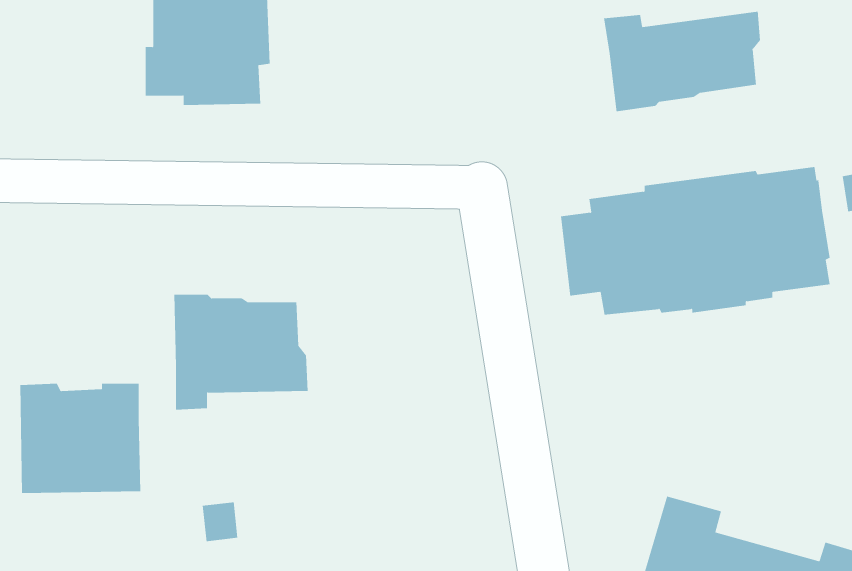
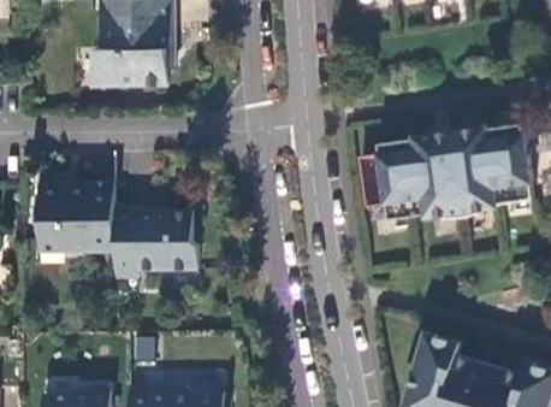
building: [603,11,761,112] -> none
building: [19,383,141,494] -> [36,183,113,253]

